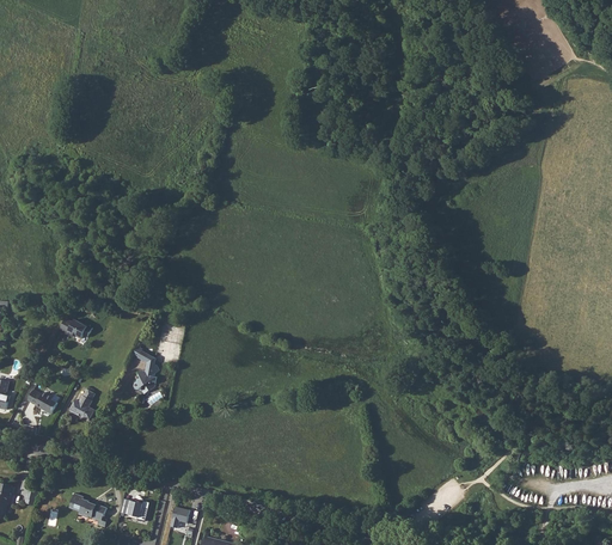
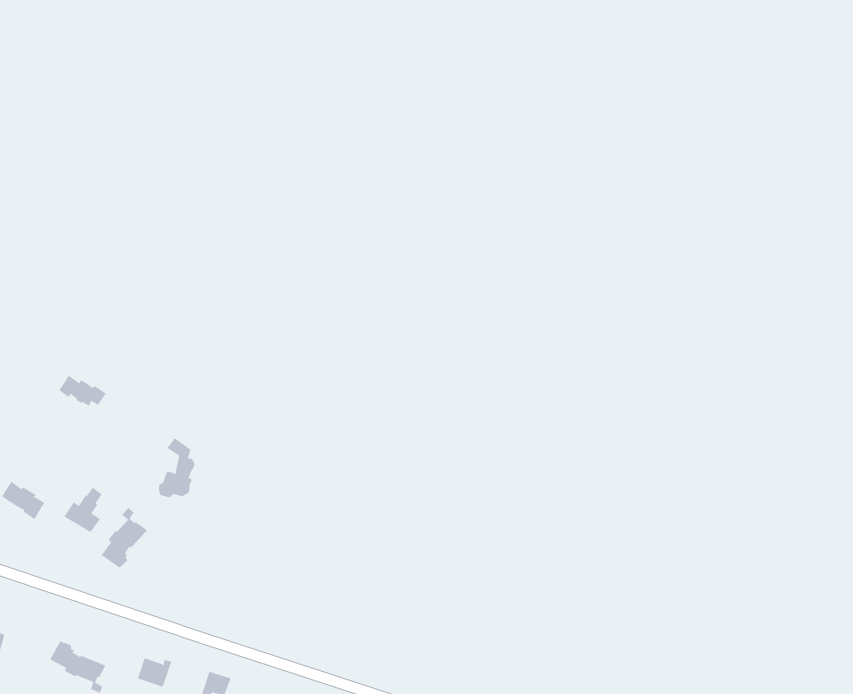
building: none -> [101,507,148,569]

